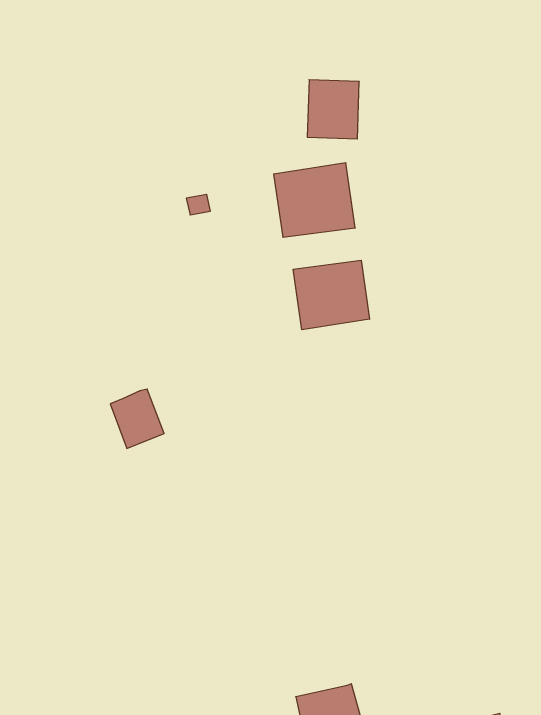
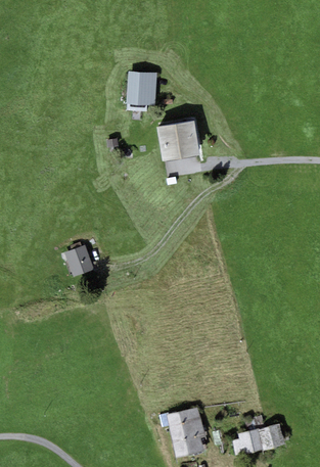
building: [307,80,359,139] -> [127,71,155,103]
building: [293,260,369,330] -> none

